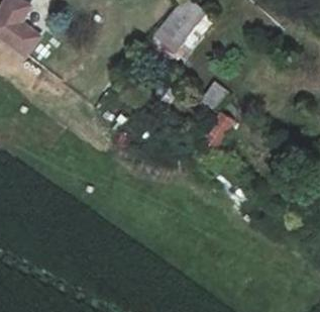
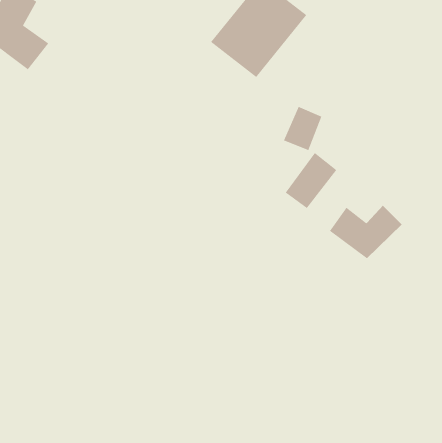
building: none -> [329,205,403,259]

